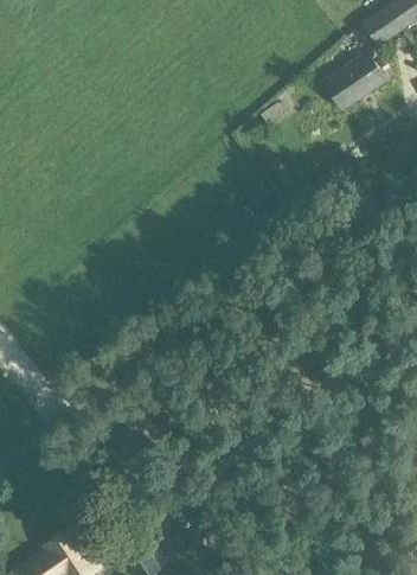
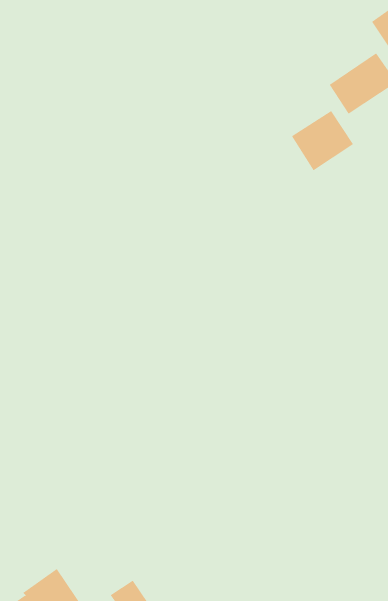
building: none -> [291,110,354,171]

